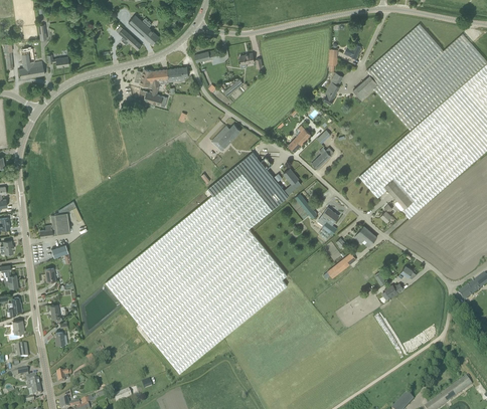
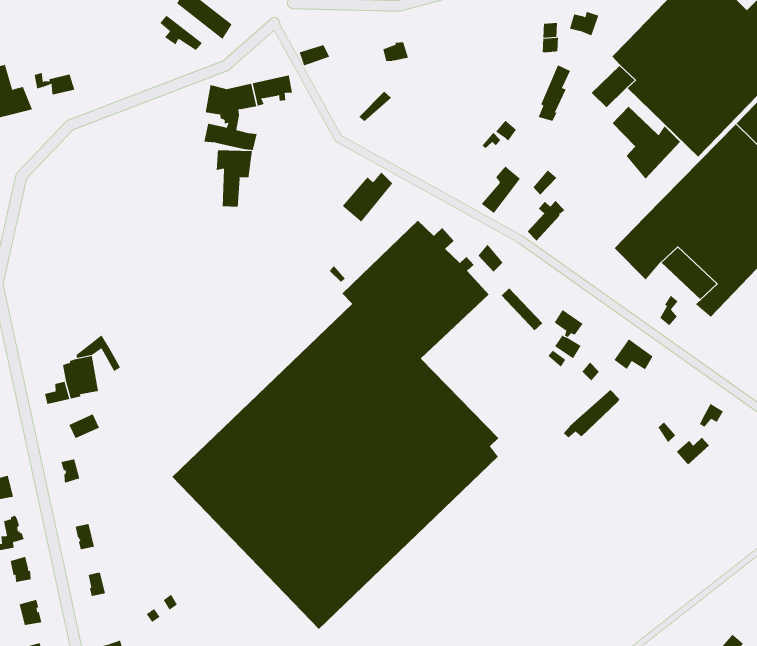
building: none -> [612,106,681,180]
building: none -> [216,150,252,208]

